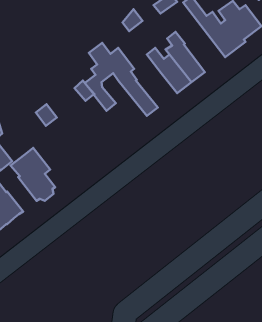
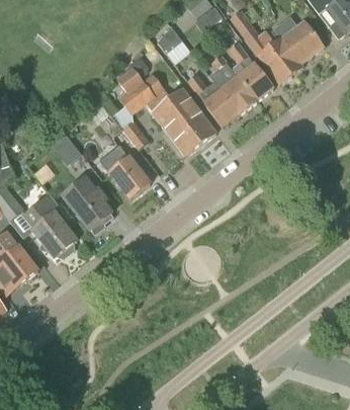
building: none -> [227,43,273,102]
building: none -> [167,89,216,145]
building: none -> [107,145,151,197]
building: none -> [62,175,111,233]

